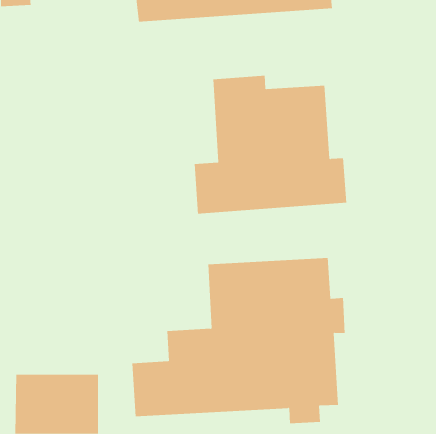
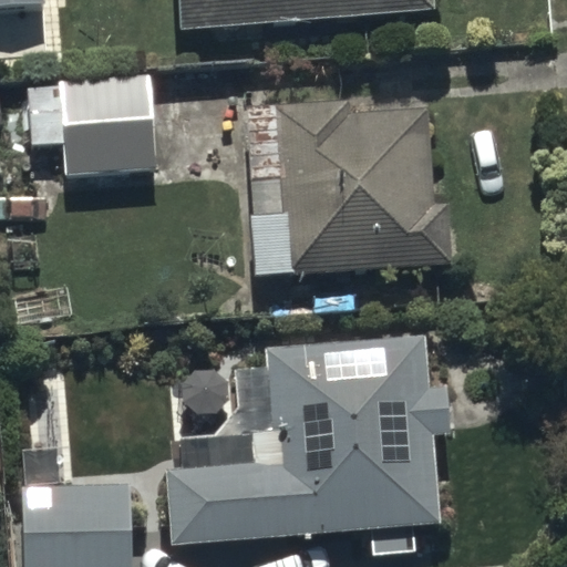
building: none -> [28,75,171,176]

